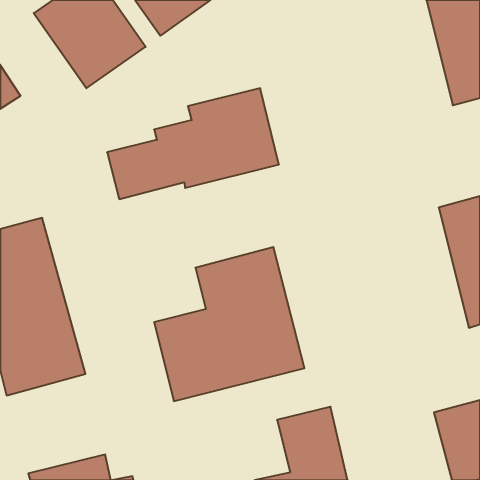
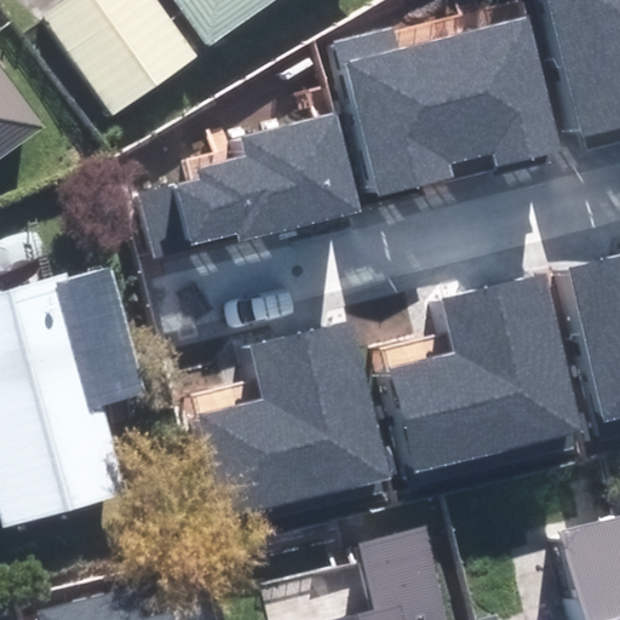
building: none -> [338,18,562,196]
building: none -> [389,274,584,472]

